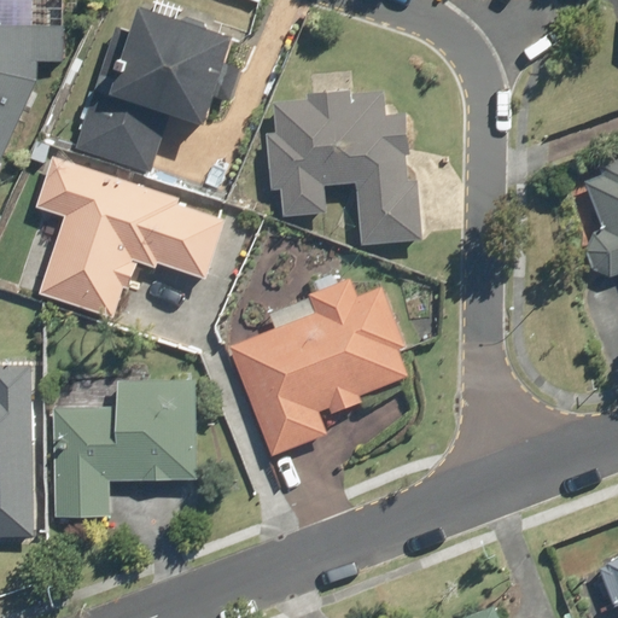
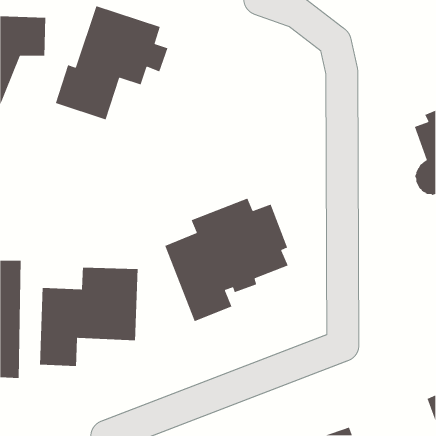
building: [267,91,418,240] -> none
building: [39,157,225,316] -> none

